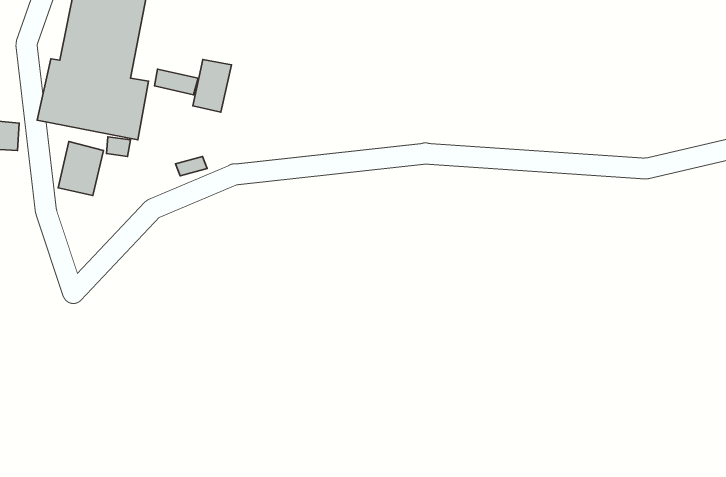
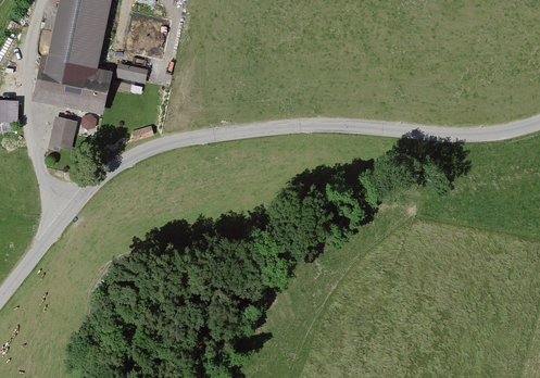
building: [193,60,231,112] -> none

